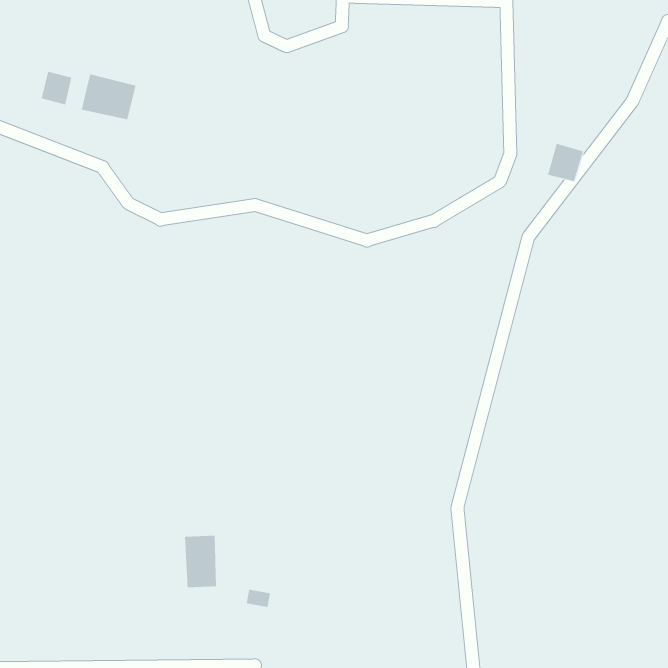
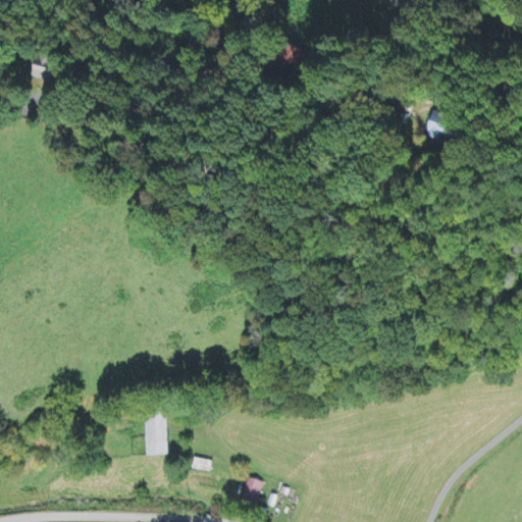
building: [81,73,136,120] -> none
building: none -> [240,476,262,506]

